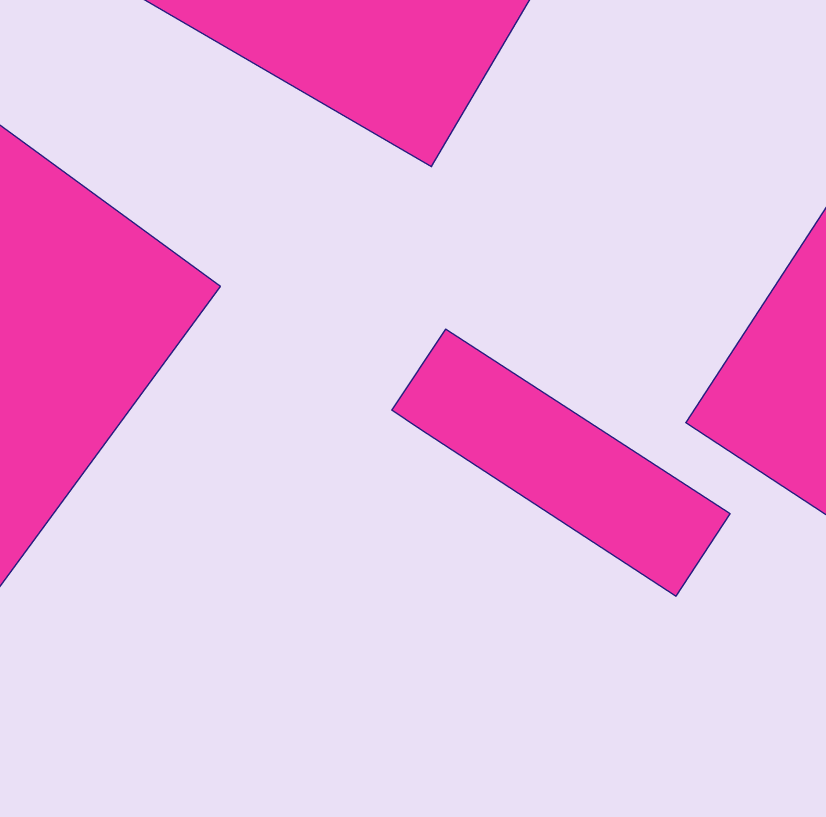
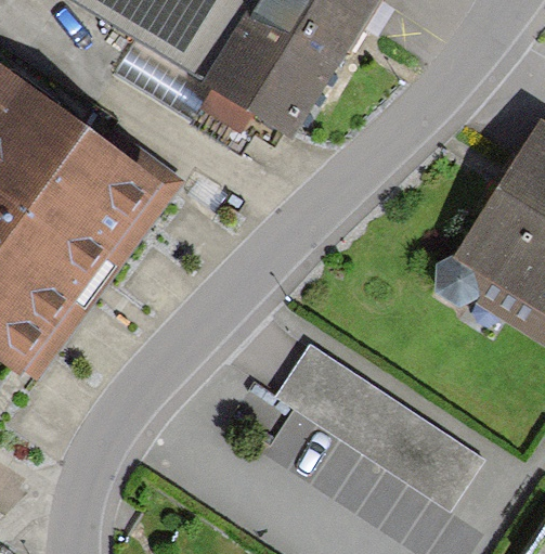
building: [392,329,730,596] -> [280,345,484,506]

